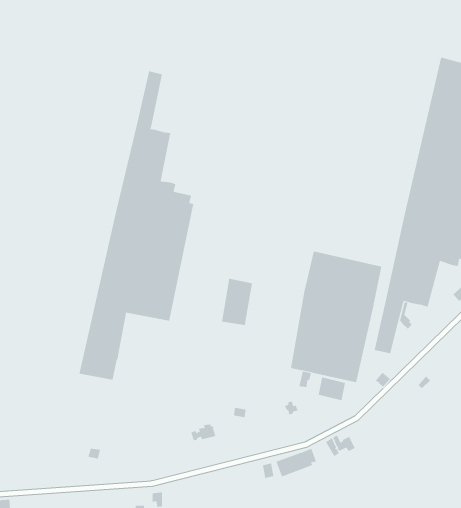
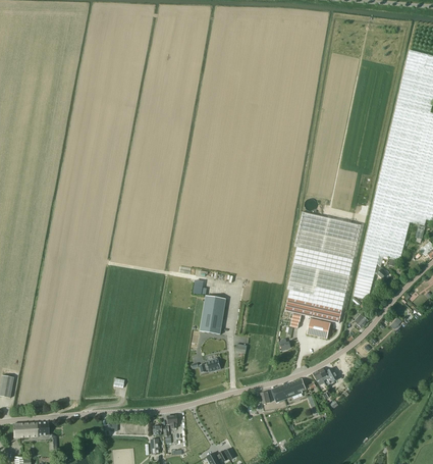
building: [79,71,194,381] -> none
building: [221,278,253,326] -> [199,295,225,334]

